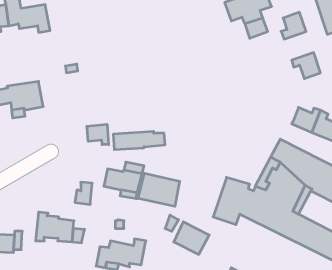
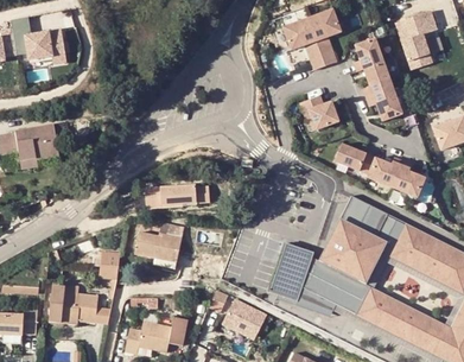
building: none -> [363,62,394,97]
building: none -> [299,96,338,129]
building: none -> [335,142,375,173]
building: [87,124,109,145] -> none
building: [138,173,180,206] -> none

